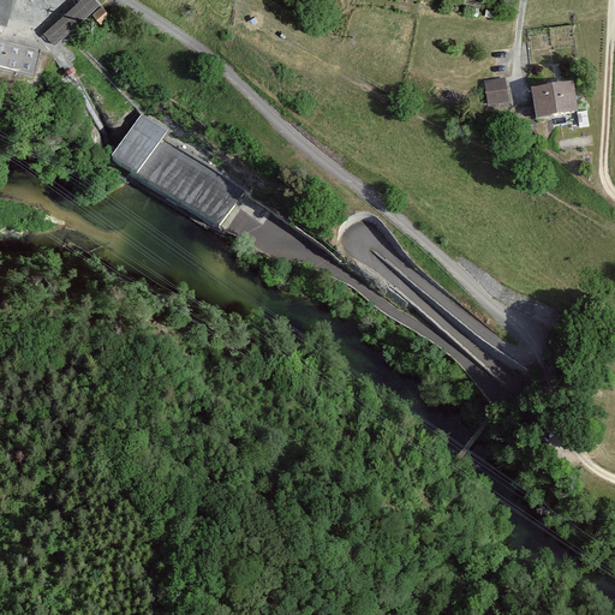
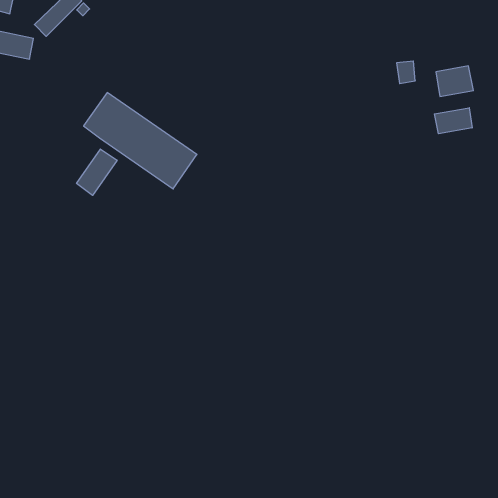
building: none -> [434,108,472,134]
building: none -> [77,149,117,195]

